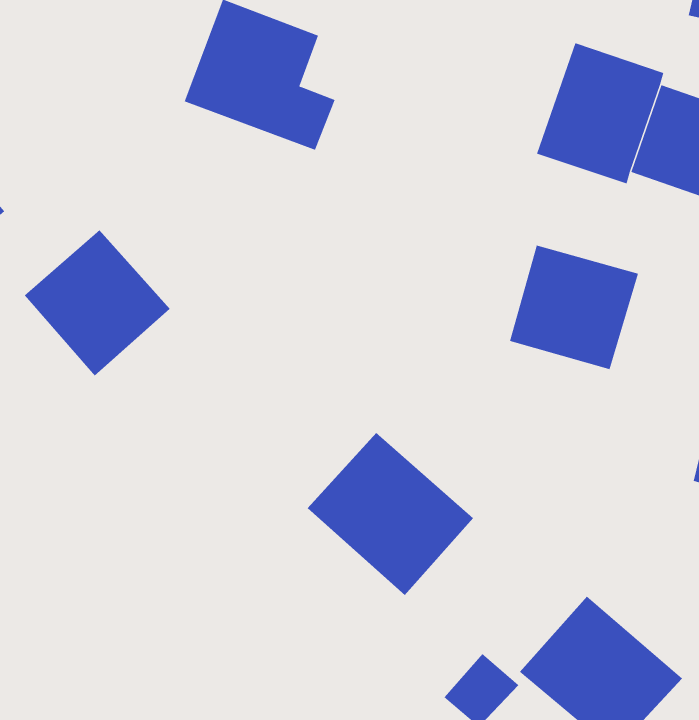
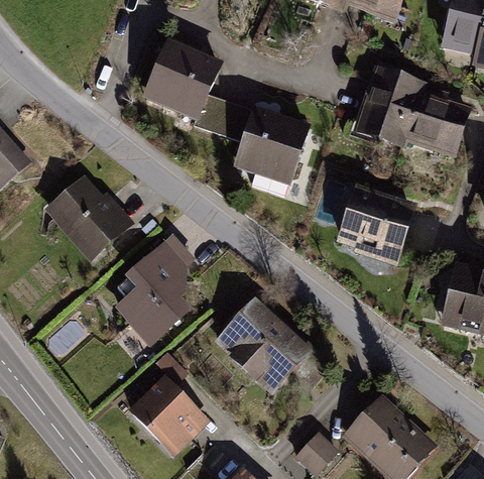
building: none -> [219,97,308,185]
building: none -> [117,234,196,348]
building: none -> [126,374,211,459]

